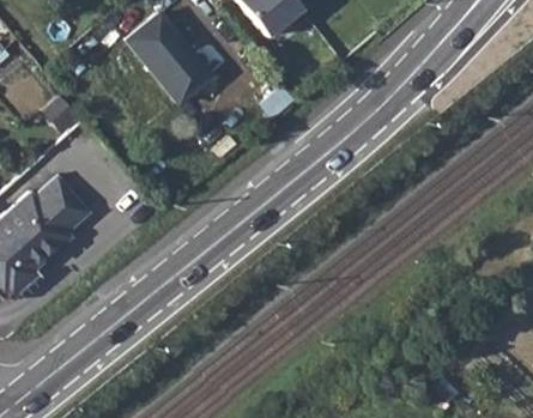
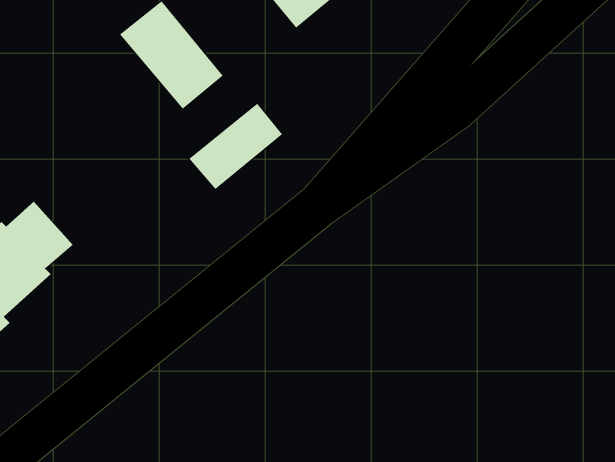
building: none -> [189,103,283,190]

